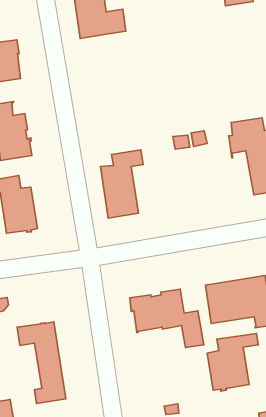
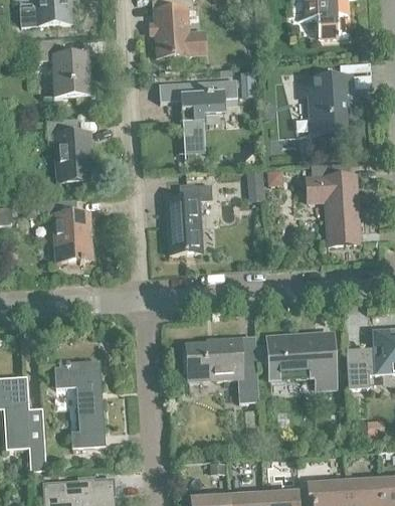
building: none -> [295,76,352,134]
building: none -> [159,80,237,153]
building: [207,333,258,391] -> none

